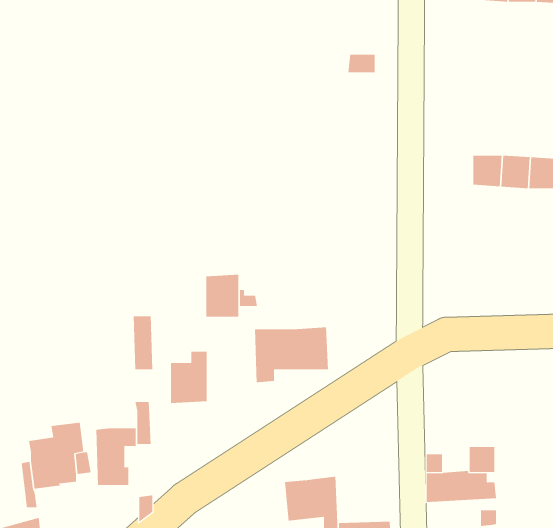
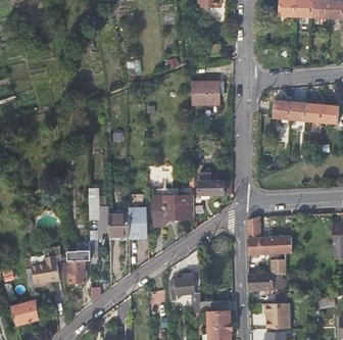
building: none -> [191,83,224,105]
building: [206,274,239,317] -> [129,207,147,231]
building: none -> [199,174,231,194]
building: none -> [247,217,291,254]

